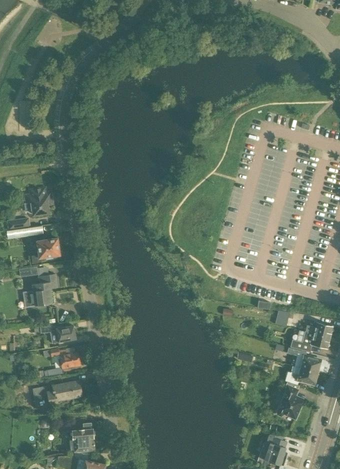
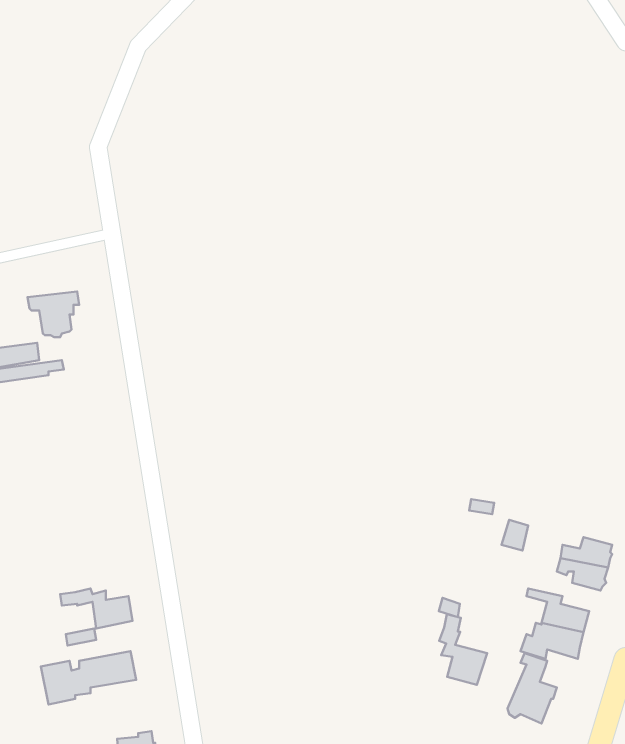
building: [32,238,60,264] -> none
building: [23,274,57,307] -> none
building: [40,325,75,343] -> none
building: none -> [439,614,487,685]

